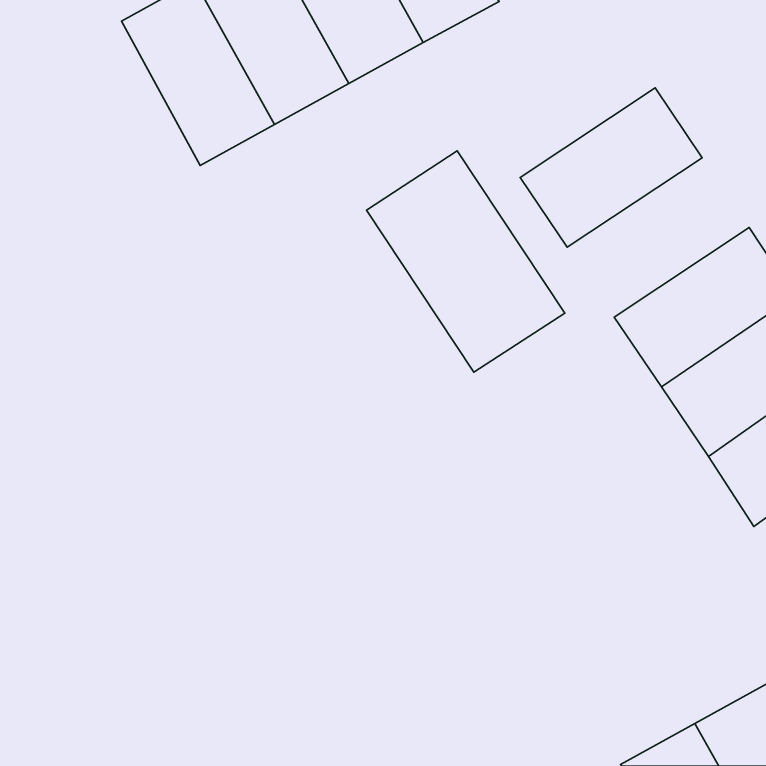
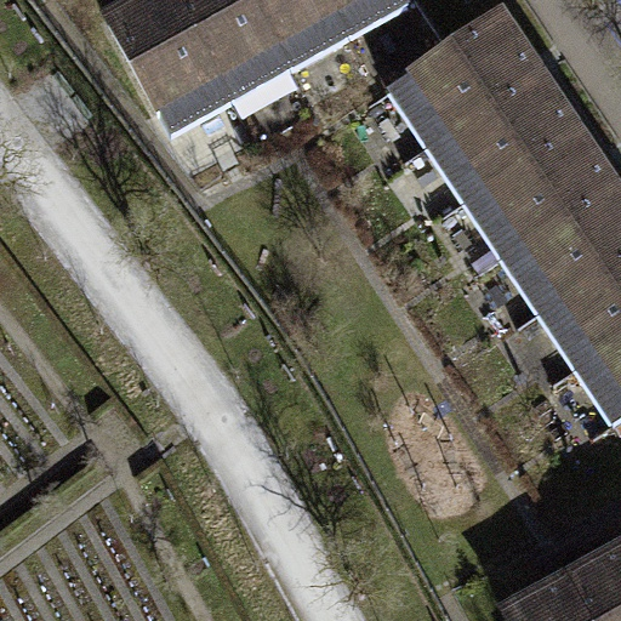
building: none -> [387,15,531,142]
building: [366,151,565,372] -> none
building: none -> [461,126,606,253]

